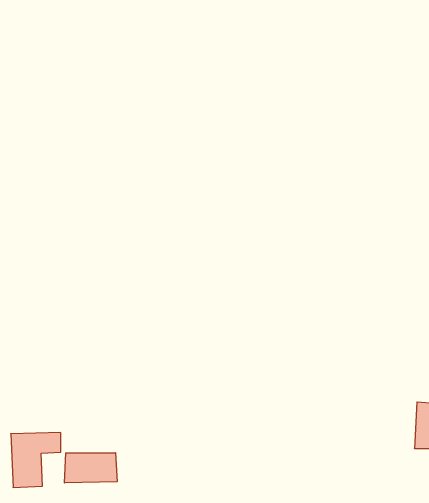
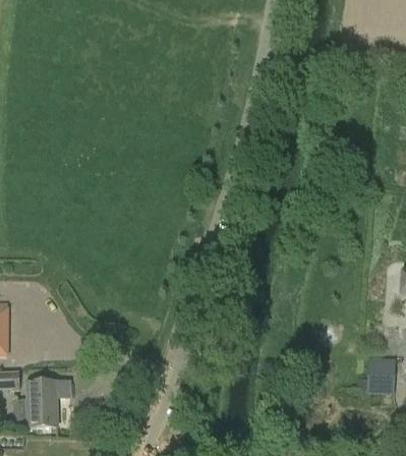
building: [65,453,117,483] -> none

